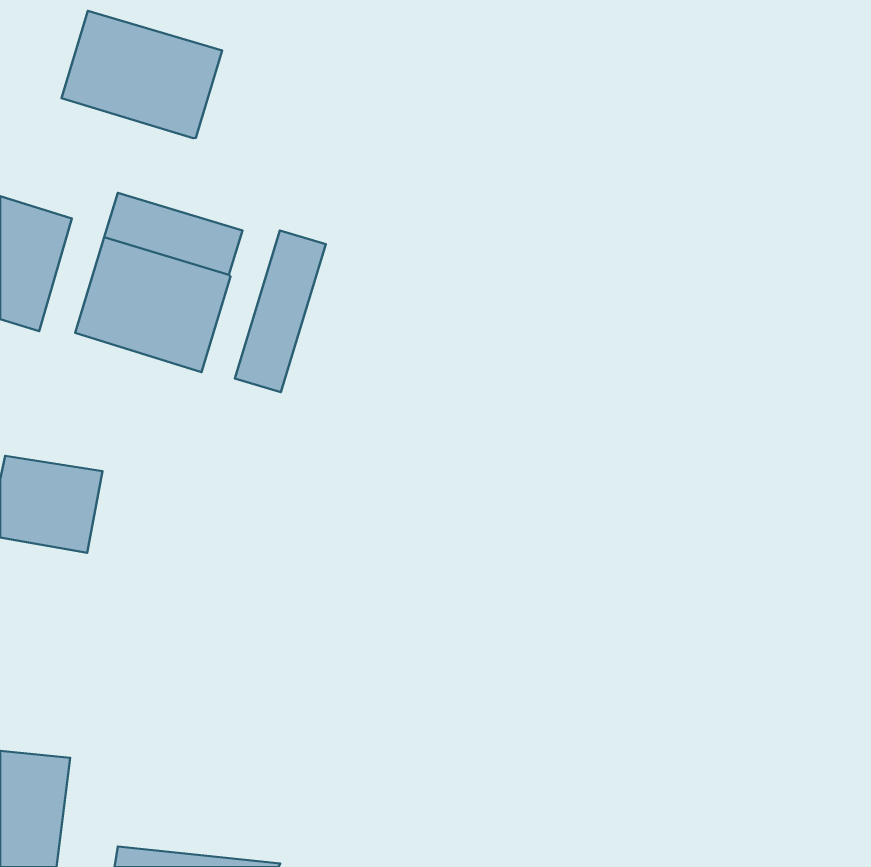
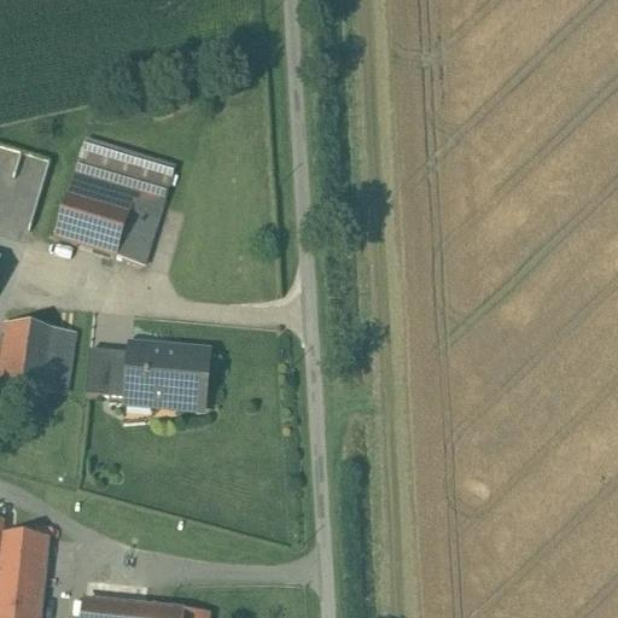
building: [61,11,222,138] -> none
building: [235,231,326,392] -> none
building: none -> [86,345,208,409]

